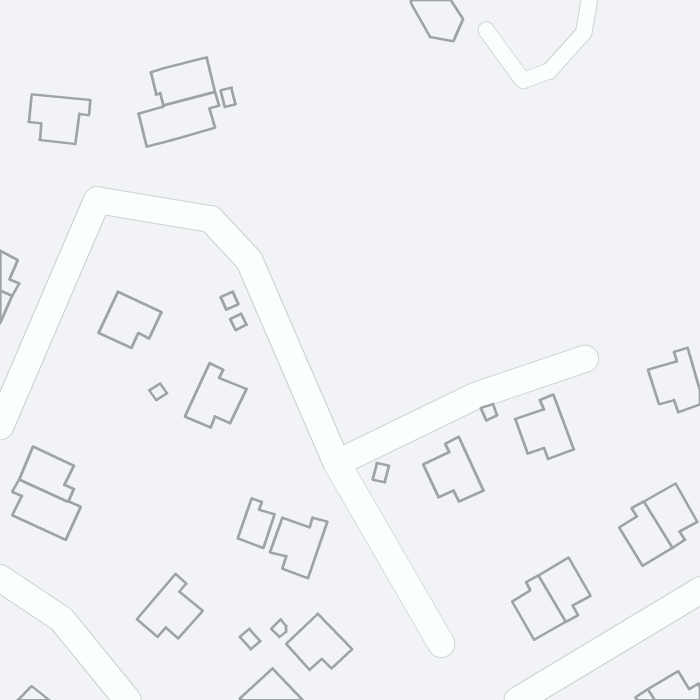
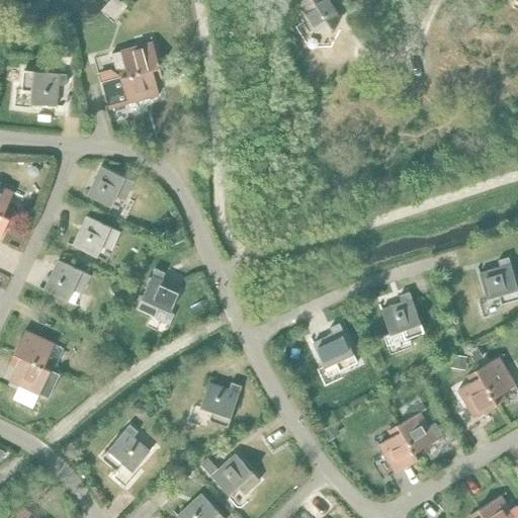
building: none -> [87,166,134,206]
building: none -> [44,260,90,300]
building: [238,498,274,548] -> none

